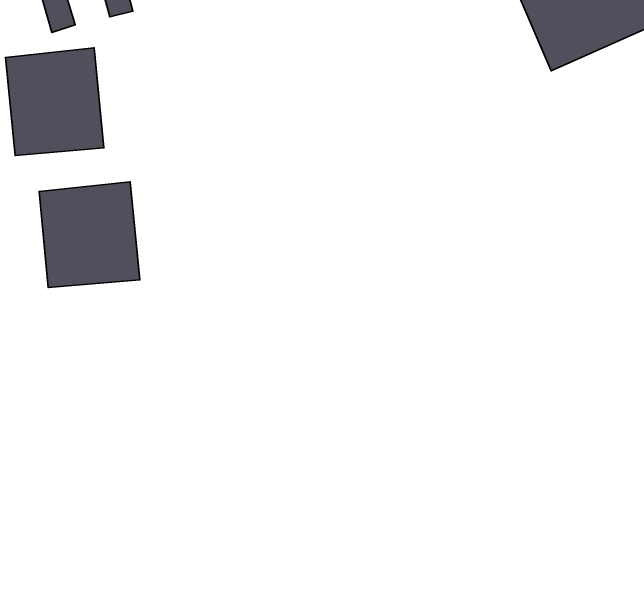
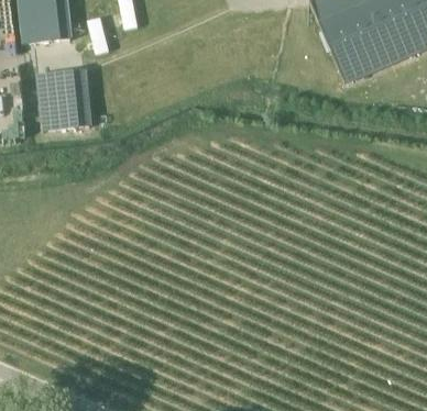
building: [39,182,140,288] -> none

